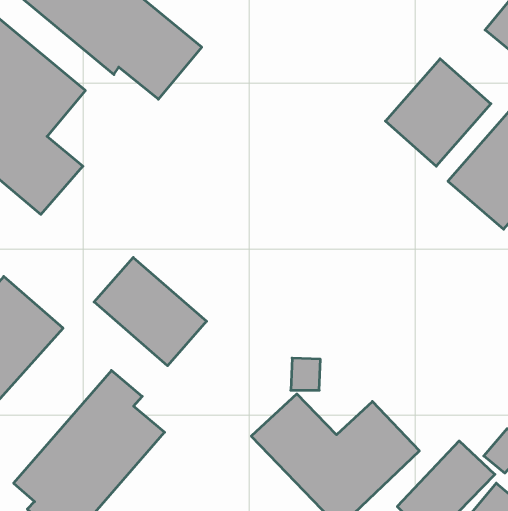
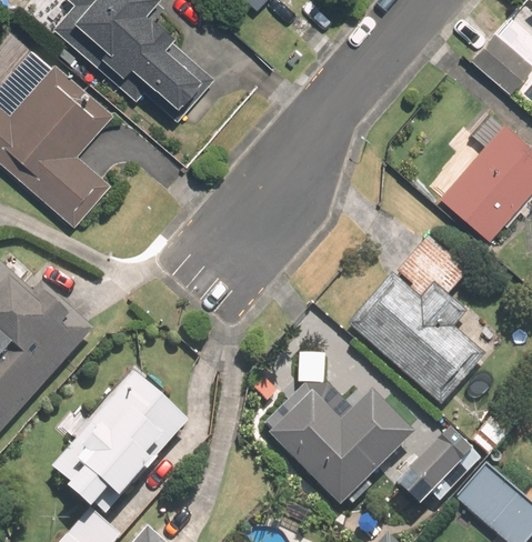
building: [385,59,491,166] -> none
building: none -> [350,238,483,408]
building: [94,257,207,366] -> none

